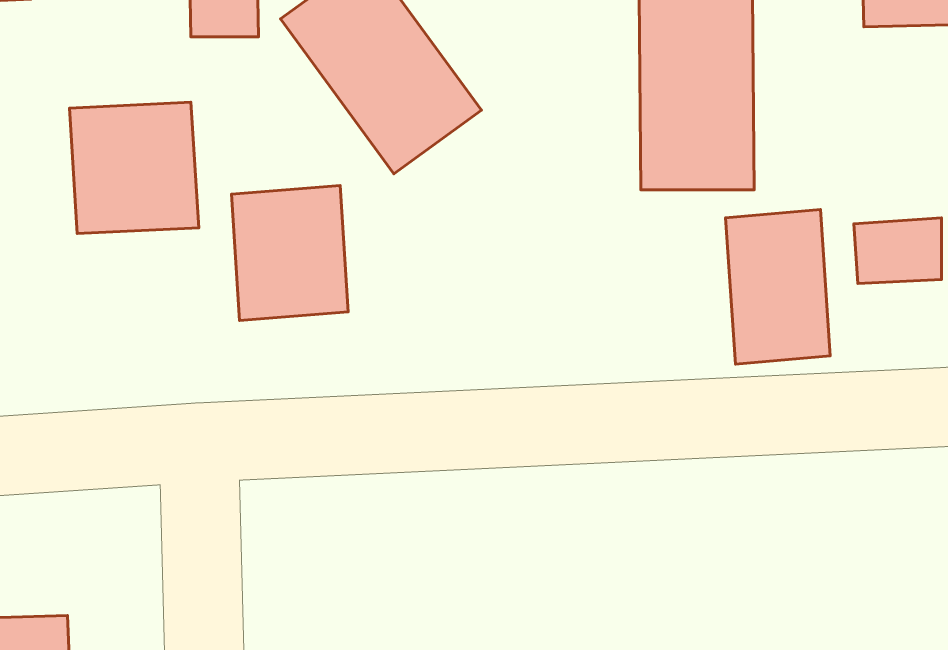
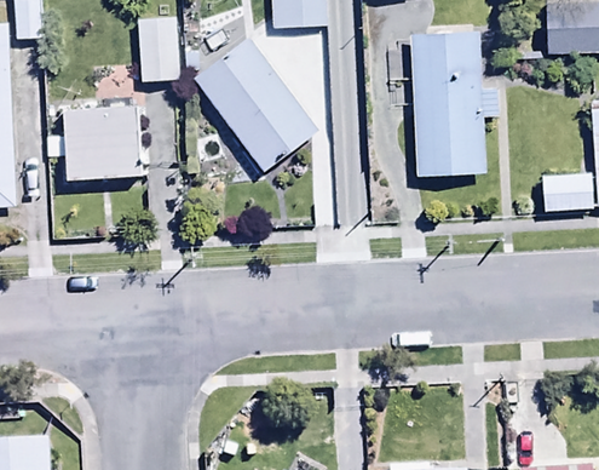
building: [232,186,348,321] -> none
building: [726,210,830,364] -> none

